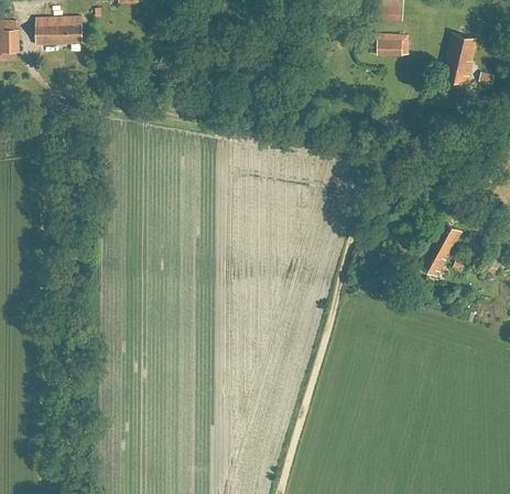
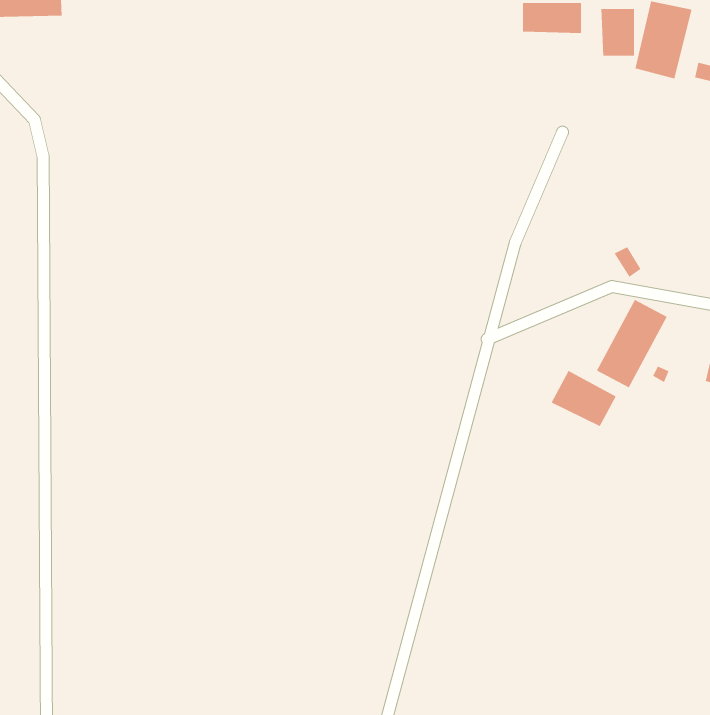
building: none -> [600,8,635,57]
building: none -> [551,370,617,427]

